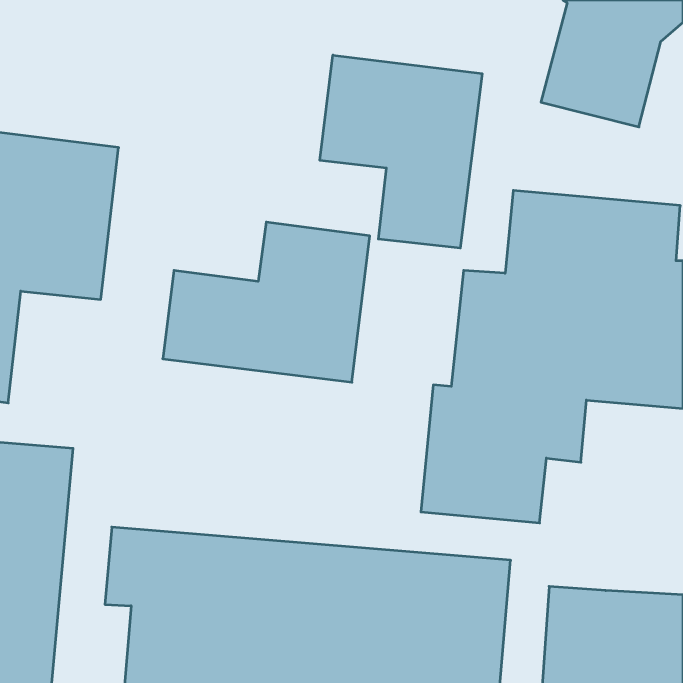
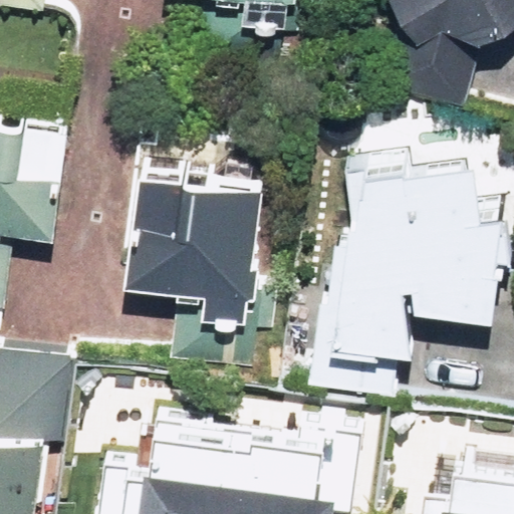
building: [320,55,482,248] -> none

